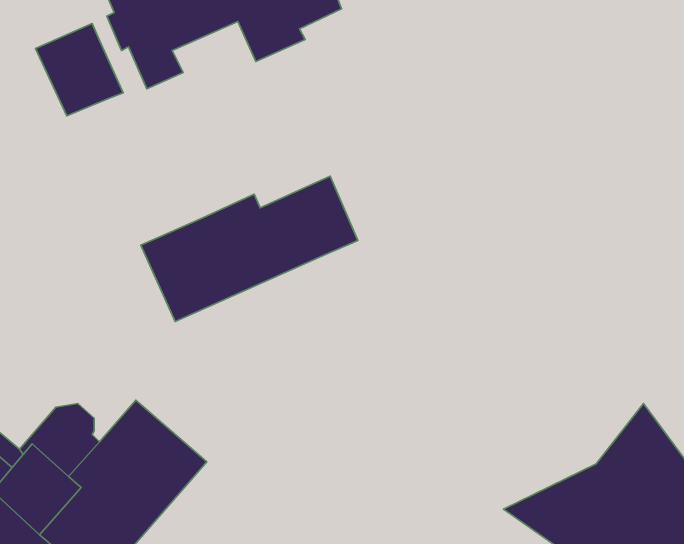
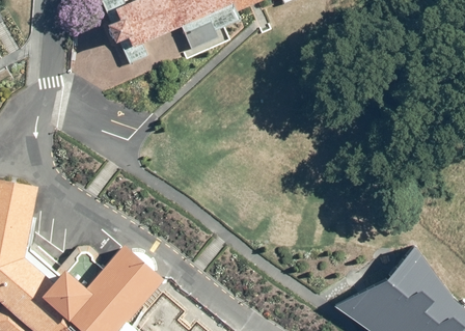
building: [35,23,123,116] -> none
building: [141,176,358,322] -> none

